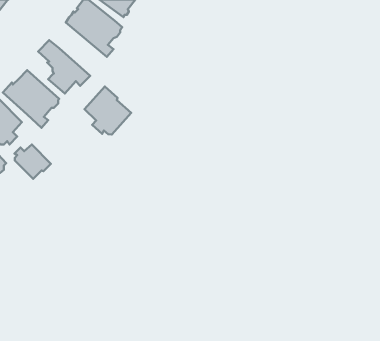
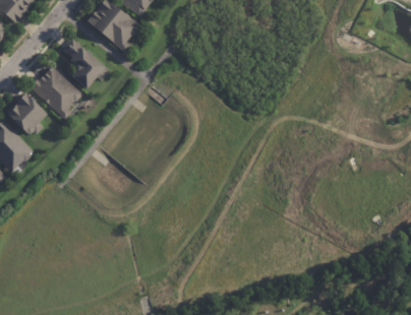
building: [85,86,131,135] -> none
building: [15,144,51,179] -> none

